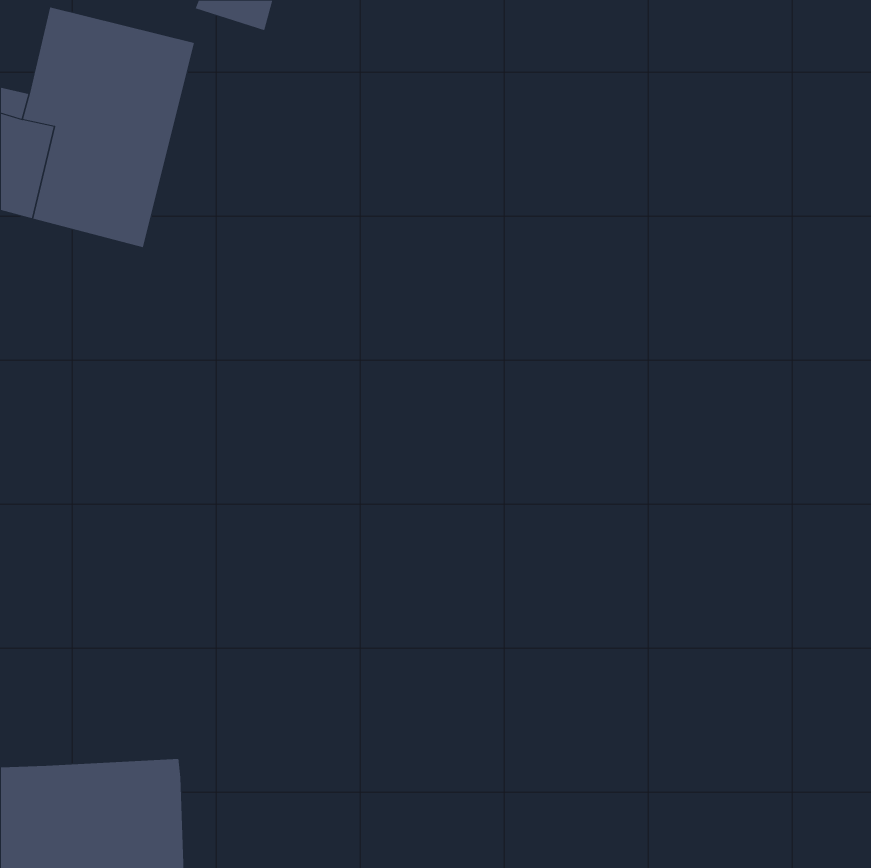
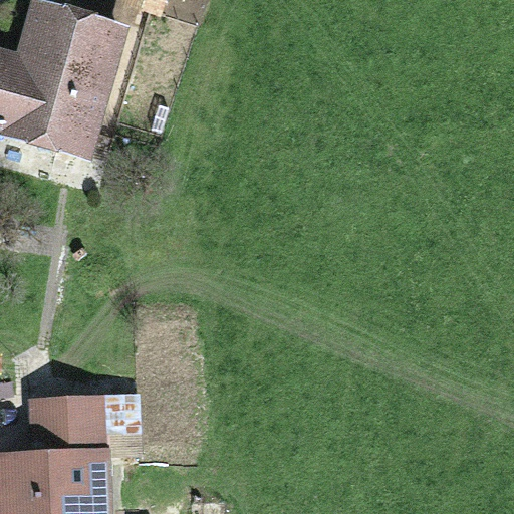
building: none -> [25,392,139,460]

